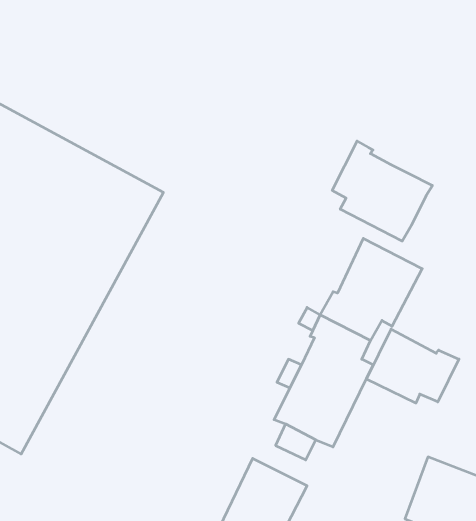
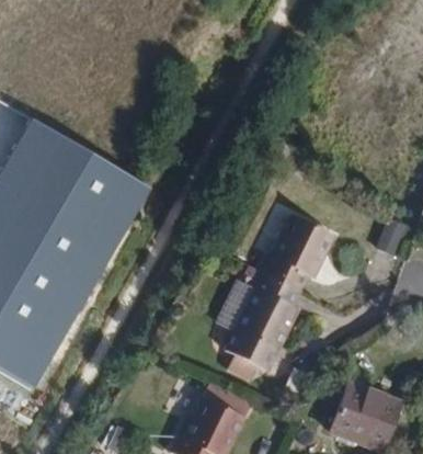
building: [332,141,432,241] -> none
building: [366,329,459,403] -> none

